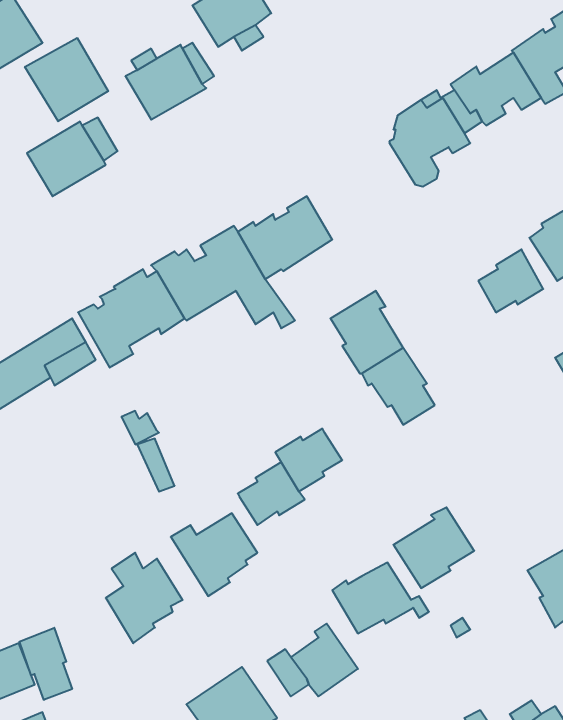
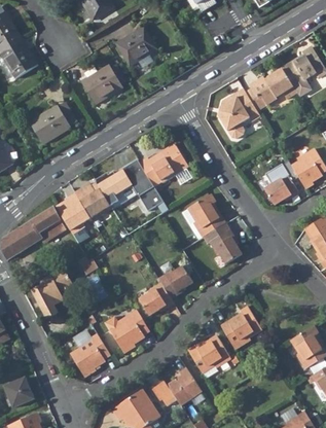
building: [25,38,108,121] -> none
building: none -> [32,268,72,318]
building: [19,628,72,700] -> none

